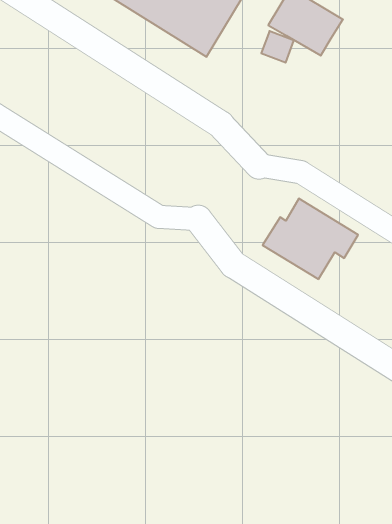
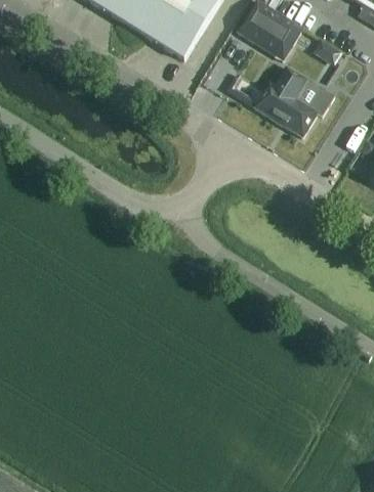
building: [263,199,358,279] -> [254,65,338,136]

